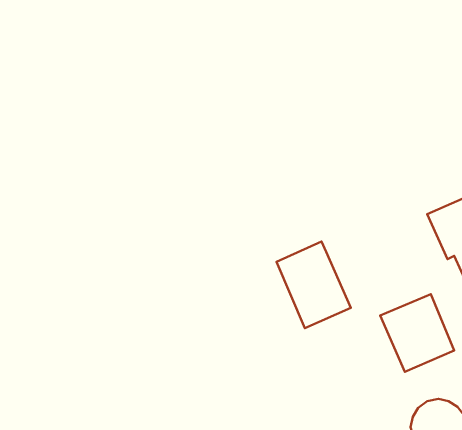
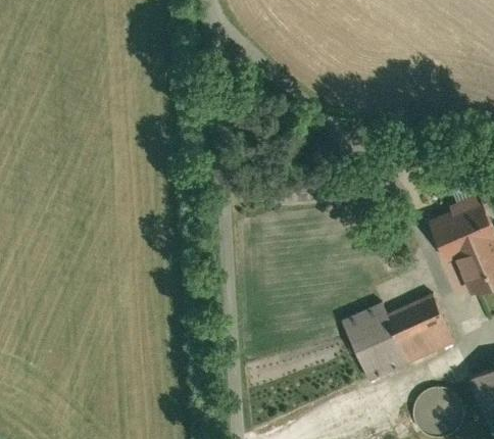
building: [277,242,351,328] -> [342,302,409,381]

